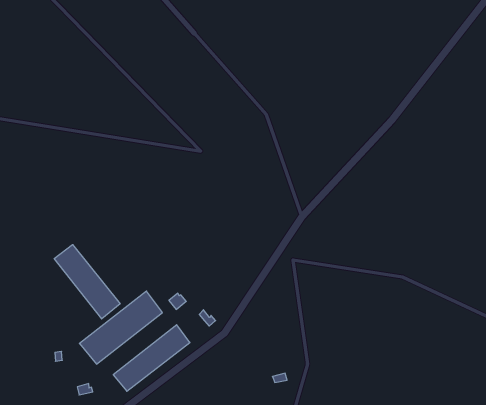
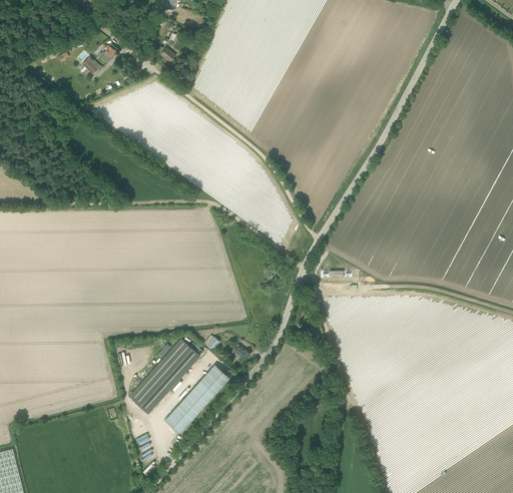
building: [54,245,120,319] -> none

